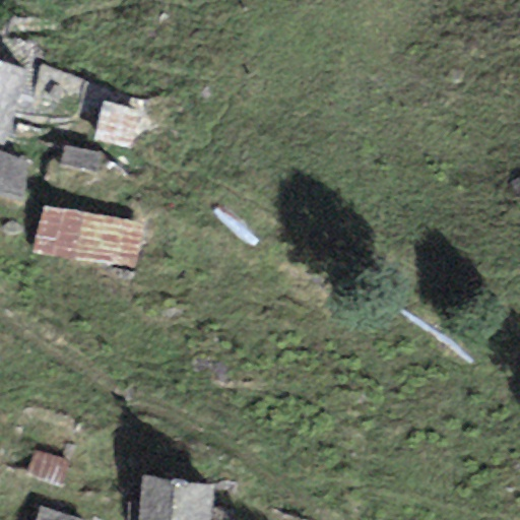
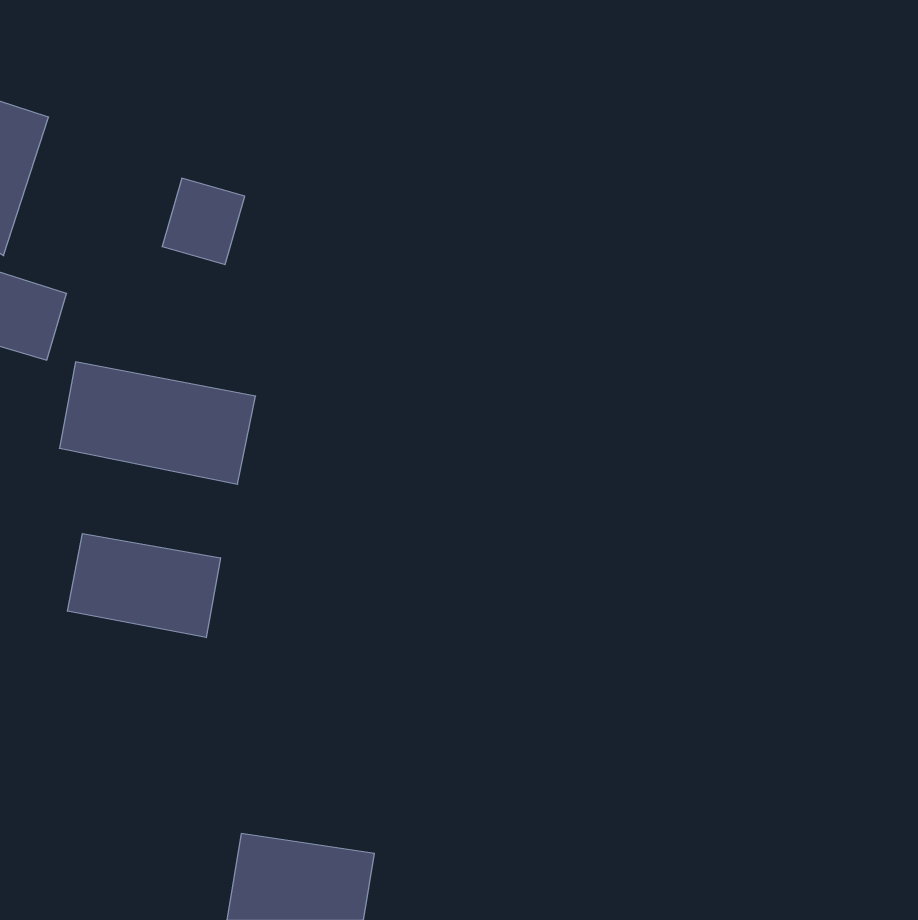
building: none -> [68,534,220,638]

